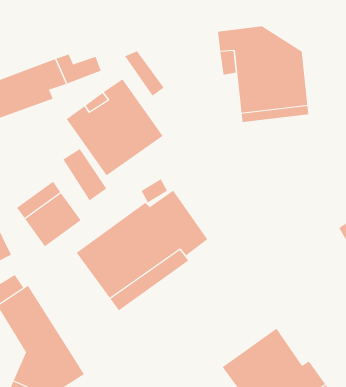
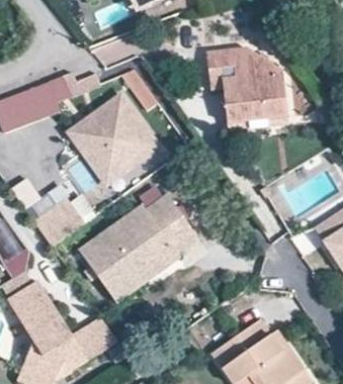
building: none -> [72,316,117,359]

